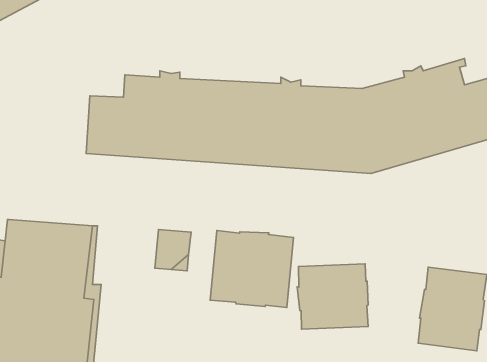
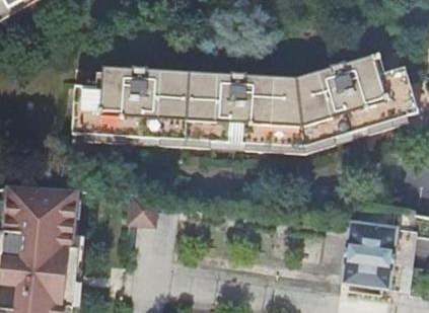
building: [210,231,293,307] -> none
building: [297,264,368,329] -> none

